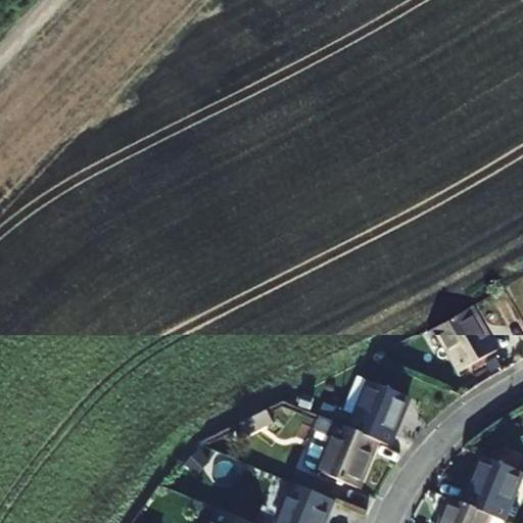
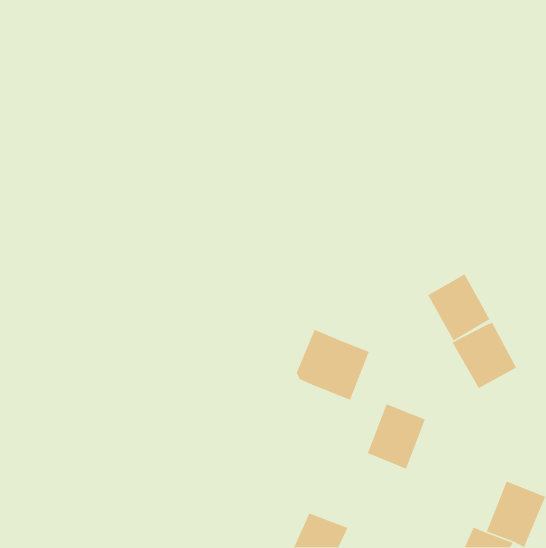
building: none -> [427,273,491,341]
building: [306,421,377,489] -> [296,329,370,401]

